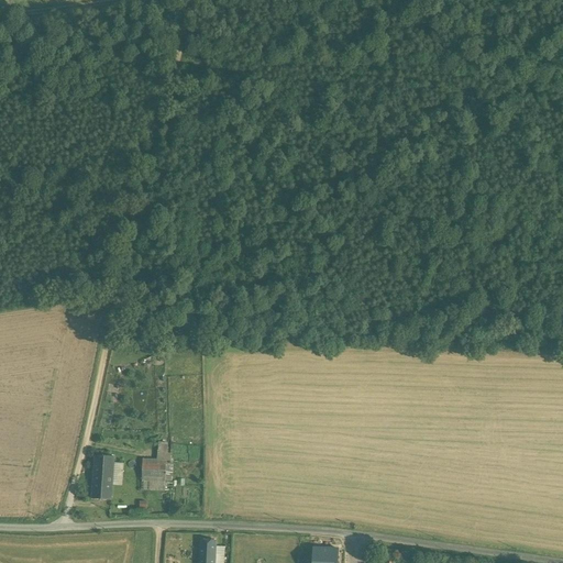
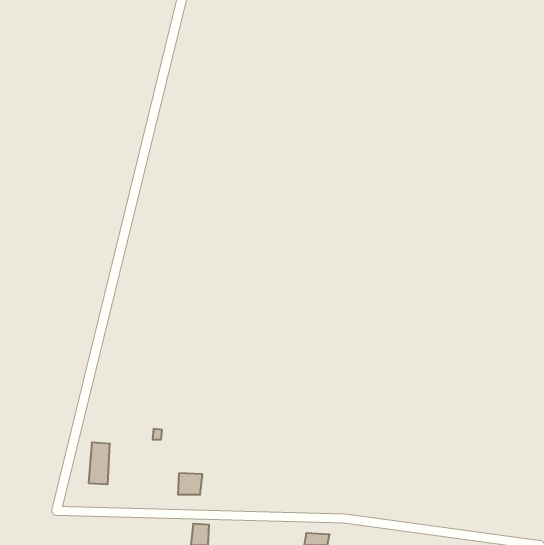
building: [141,460,166,482] -> [178,473,202,495]

